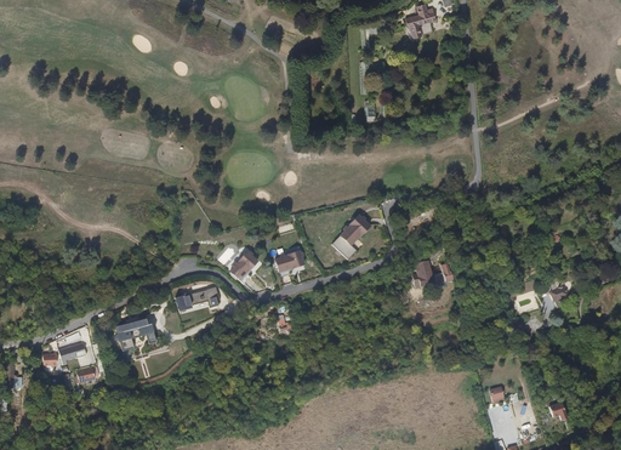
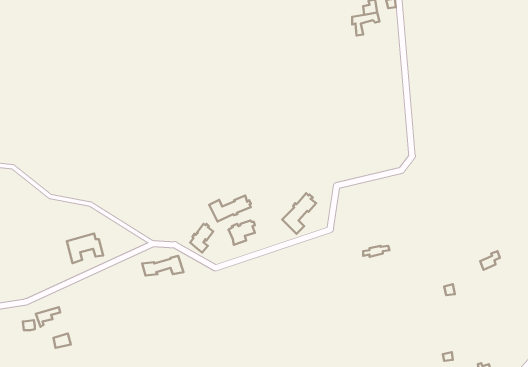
building: none -> [209,196,251,222]
building: [116,315,156,348] -> [67,234,103,263]

